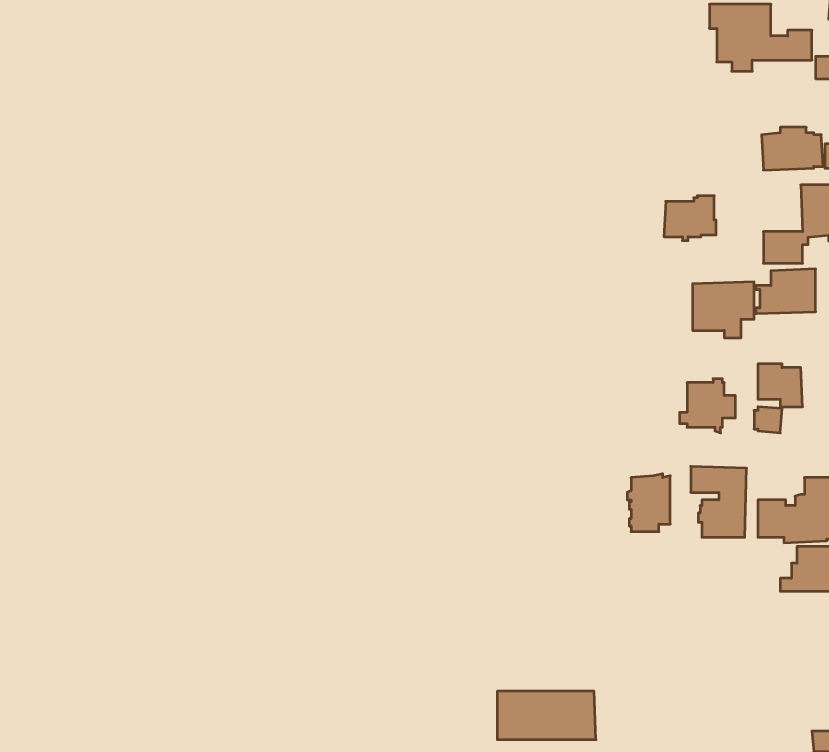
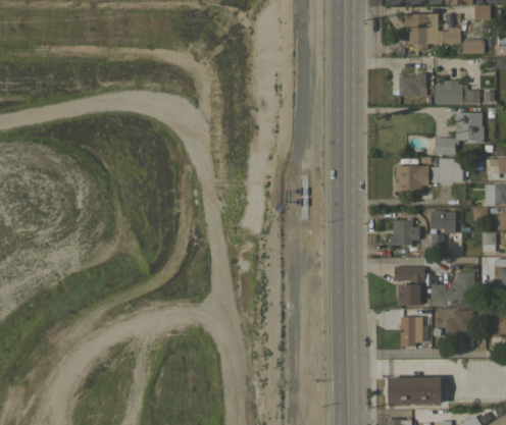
building: [664,196,716,241] -> [399,73,427,98]
building: [627,474,670,532] -> [399,315,422,347]
building: [497,691,596,740] -> [388,377,442,404]

